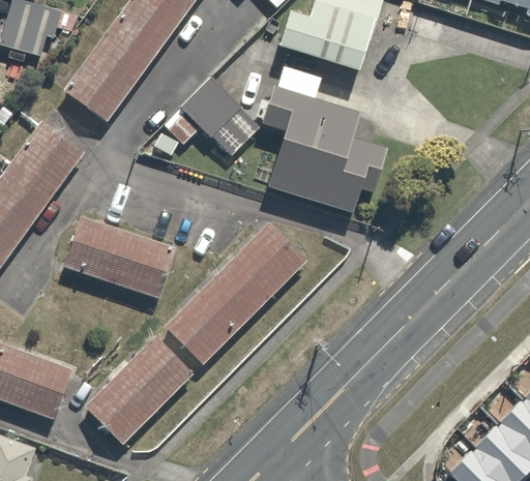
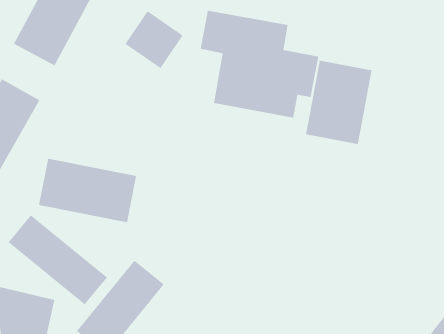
building: none -> [305,60,372,145]
building: [167,226,304,361] -> none
building: none -> [8,214,108,305]

